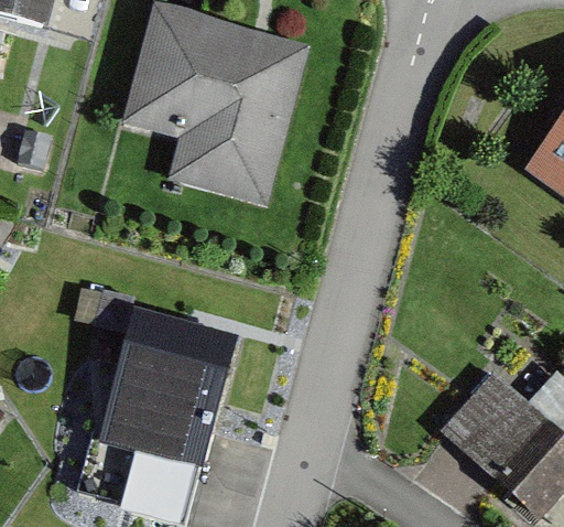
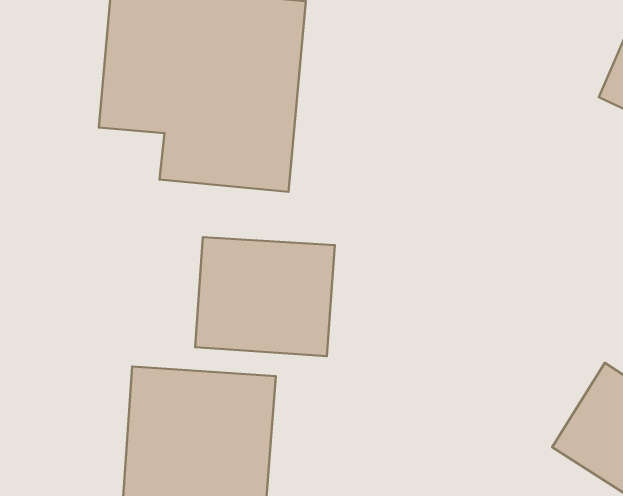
building: none -> [195,237,335,356]

